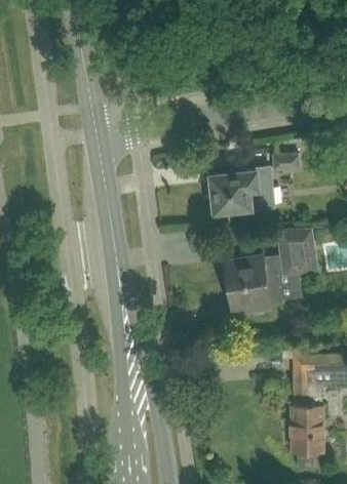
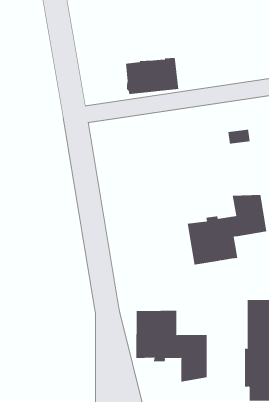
building: [210,171,273,214] -> [125,57,179,94]
building: none -> [136,310,207,382]

